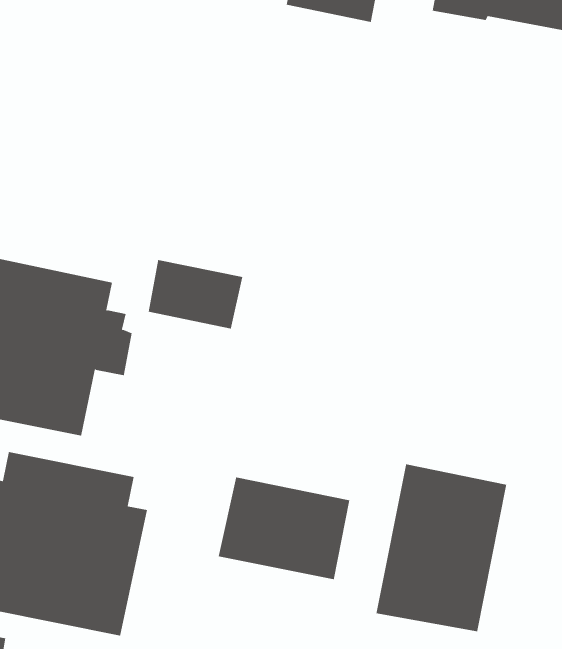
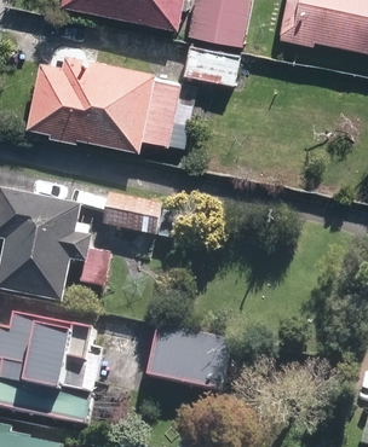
building: none -> [25,53,183,151]
building: [376,463,507,632] -> none

